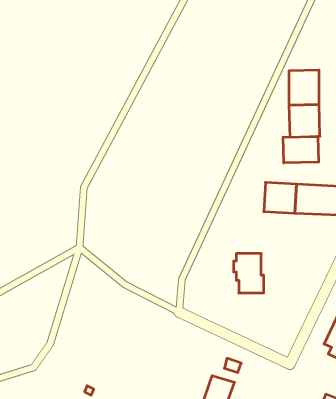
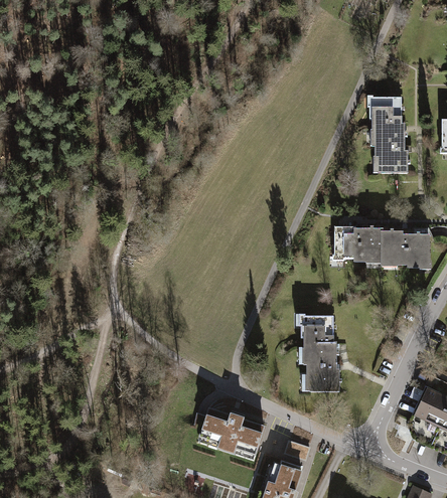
building: [283,136,319,163] -> none
building: none -> [307,361,339,389]
building: none -> [200,406,264,452]

